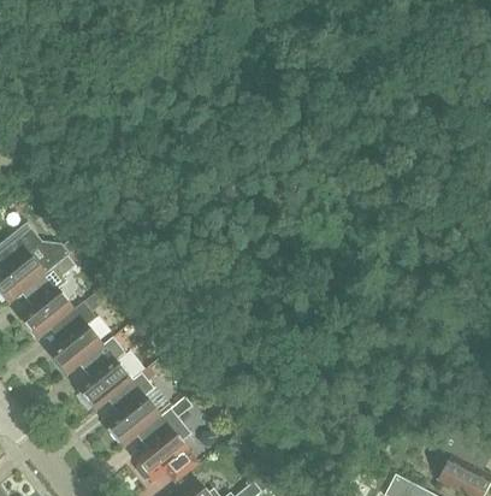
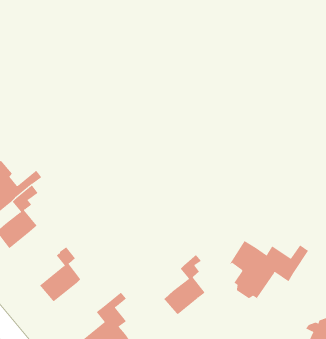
building: [47,293,103,377] -> none
building: none -> [230,240,309,300]
building: [105,366,161,448] -> [163,254,205,316]

